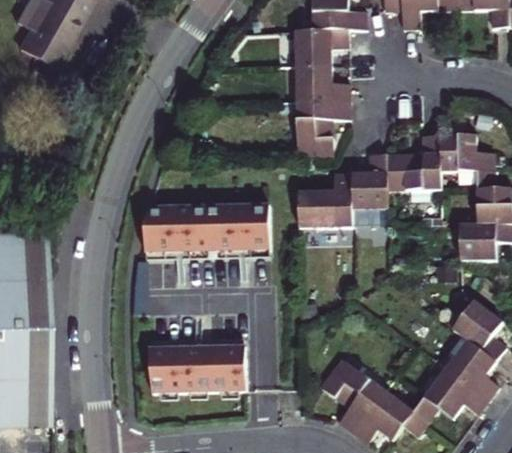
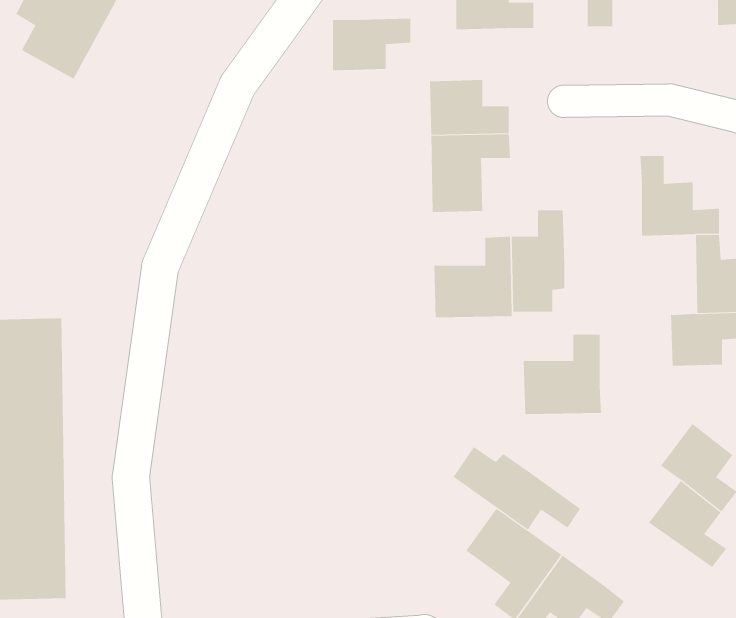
building: [295,29,349,65] -> [332,18,411,71]
building: [387,135,441,190] -> [523,334,602,415]
building: [144,204,270,251] -> none
building: none -> [453,446,581,530]
building: [150,345,247,392] -> none
building: [415,367,489,421] -> none

